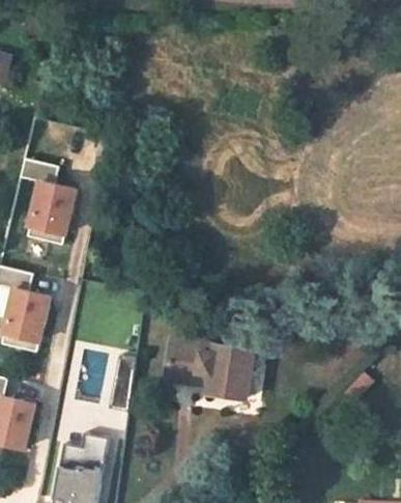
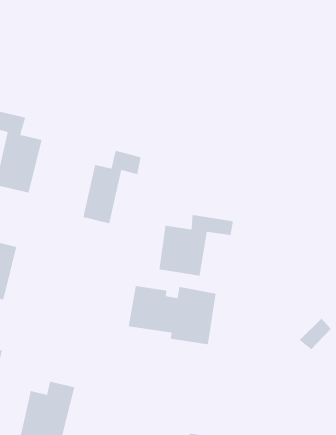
building: none -> [82,150,141,224]
building: none -> [158,214,234,276]

